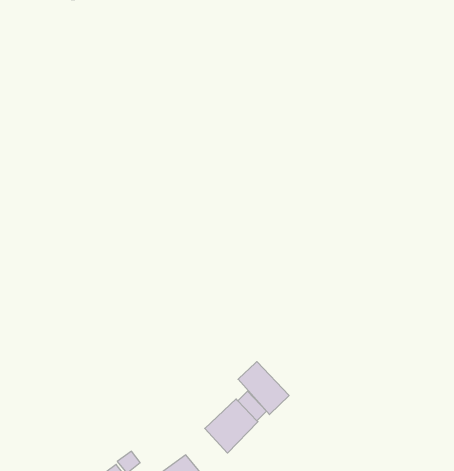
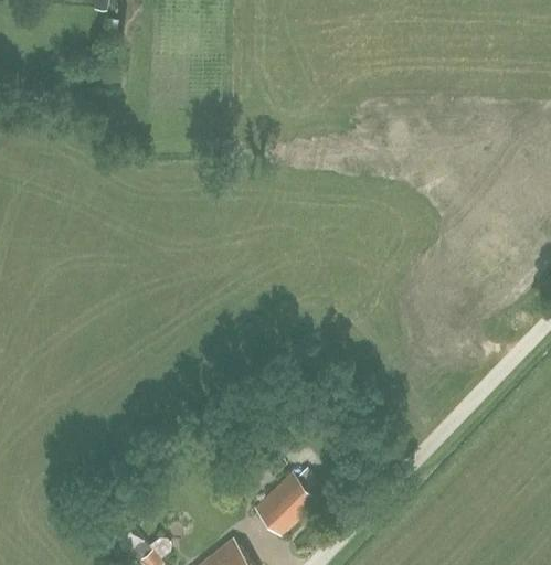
building: [238,362,289,415] -> none

